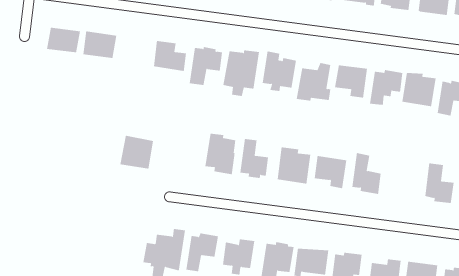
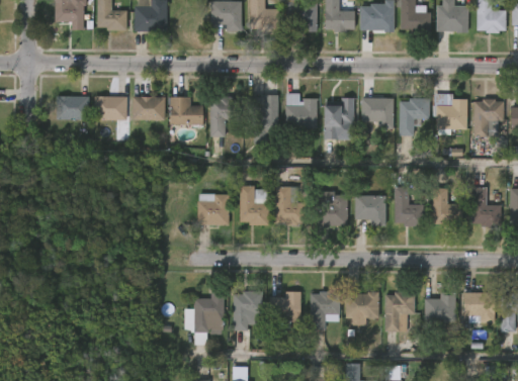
building: none -> [134,97,167,120]
building: [120,135,154,169] -> [196,193,229,225]
building: none -> [430,188,462,224]

